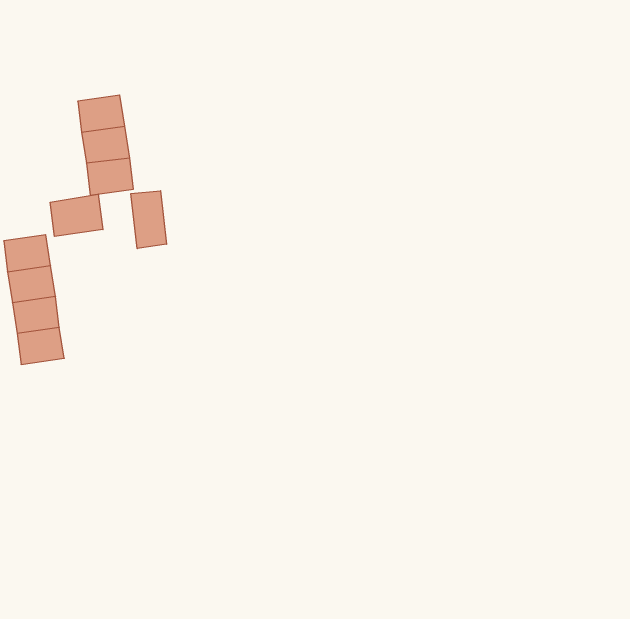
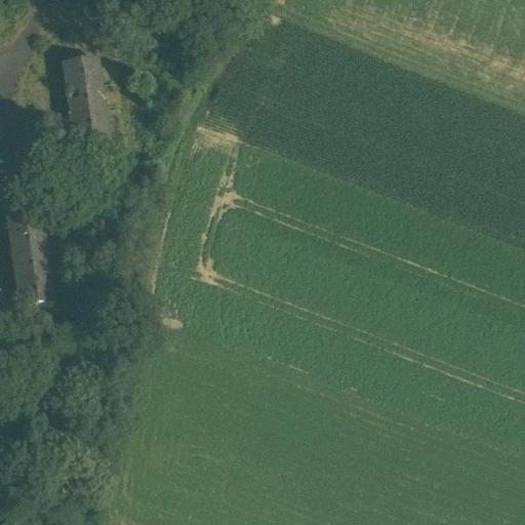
building: none -> [62,53,100,84]
building: [131,191,167,249] -> none
building: [50,194,103,236] -> none

